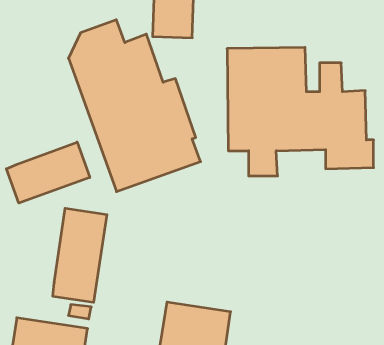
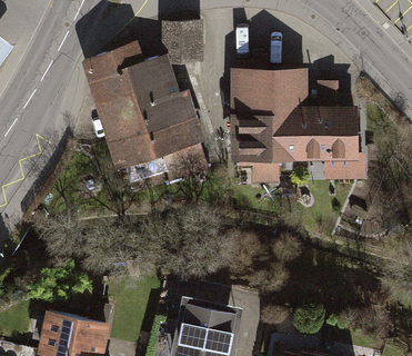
building: [6,142,90,203] -> none
building: [53,208,107,302] -> none

